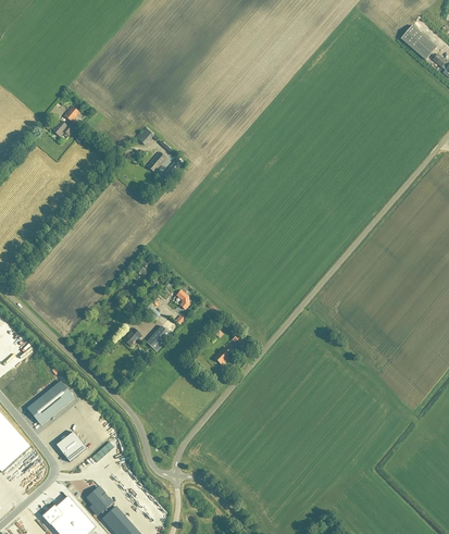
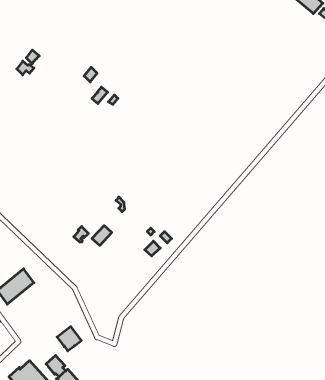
building: [55,431,86,461] -> [57,327,81,351]

